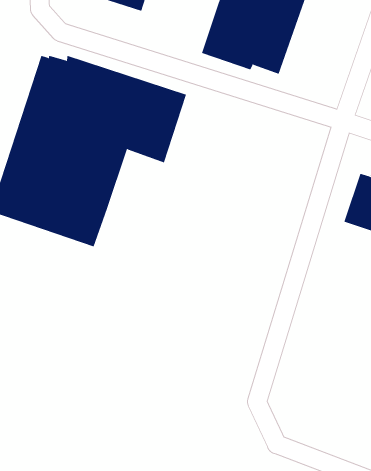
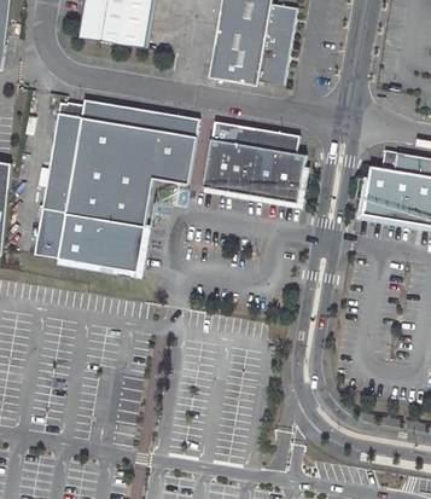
building: none -> [203,121,307,202]

